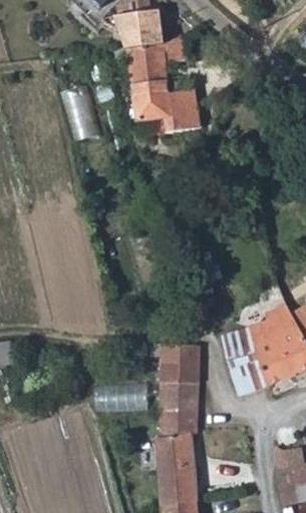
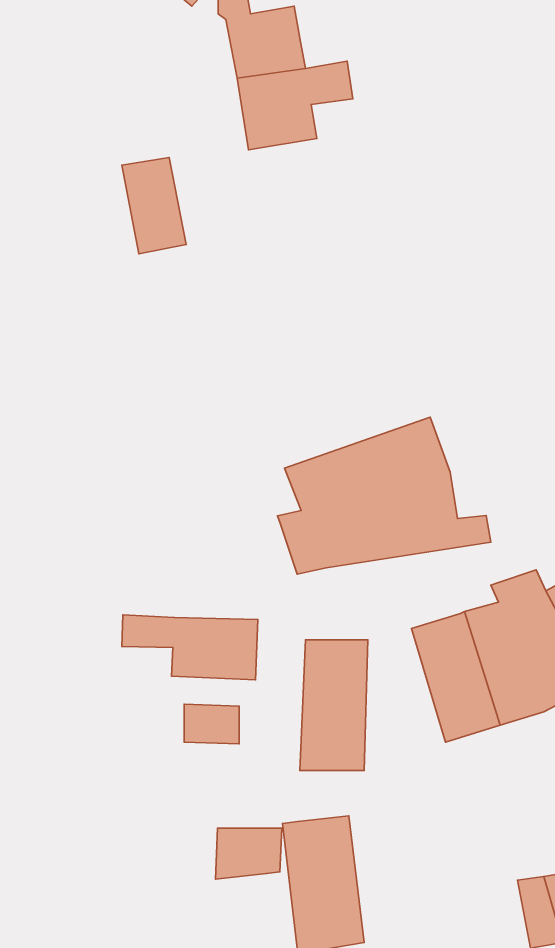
building: [134,76,202,118] -> none
building: none -> [278,417,491,574]
building: none -> [122,615,258,680]
building: [161,411,196,438] -> [216,828,282,879]

